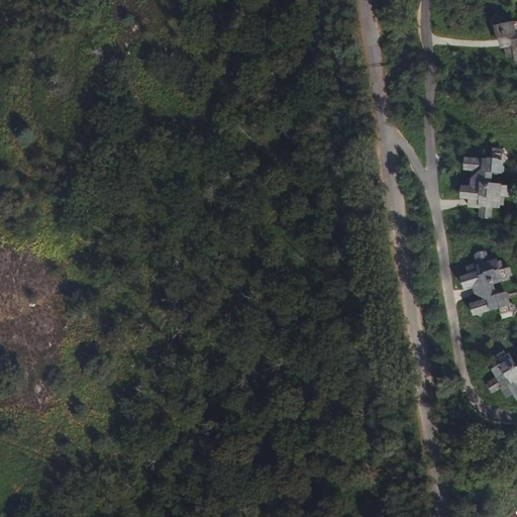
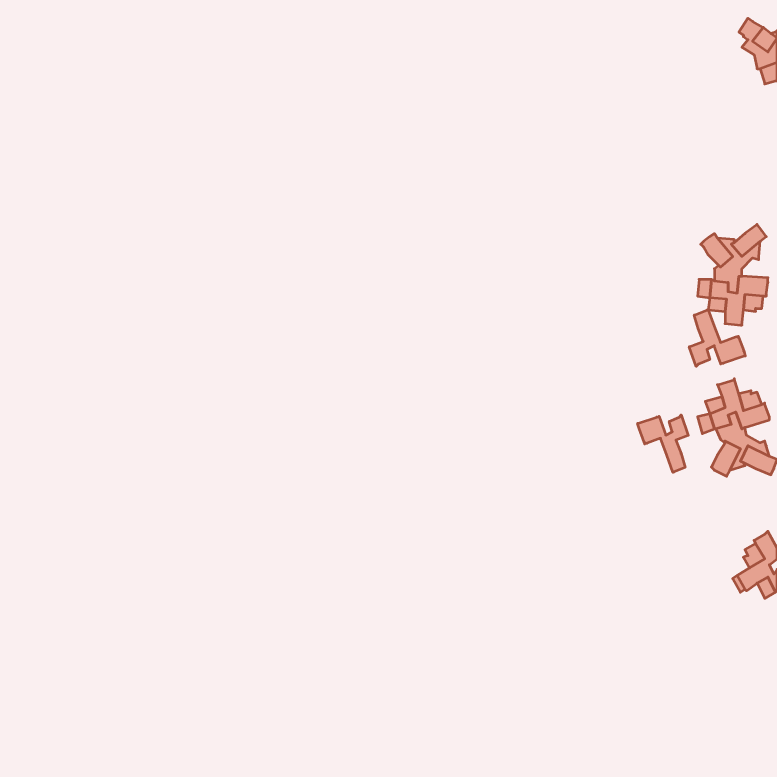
building: none -> [689,310,745,366]
building: none -> [638,415,688,472]

